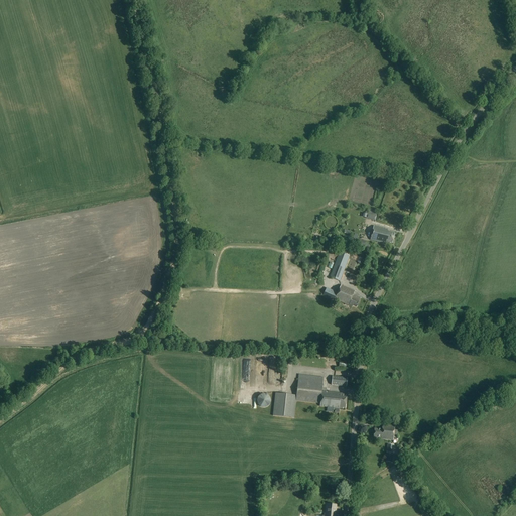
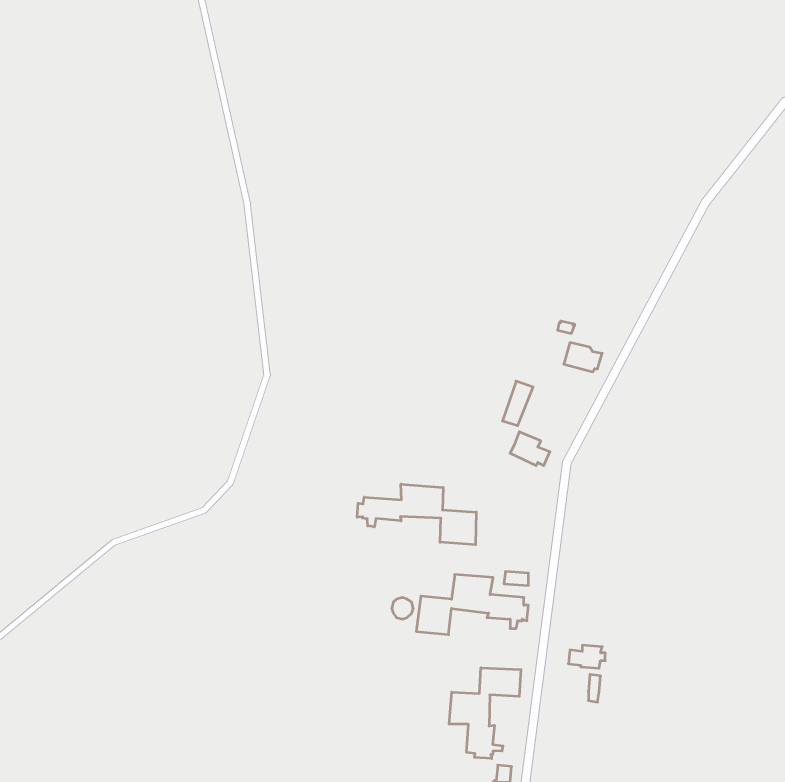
building: none -> [357,484,476,545]
building: none -> [449,668,521,759]

